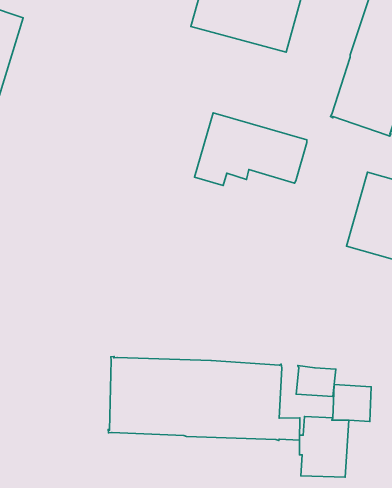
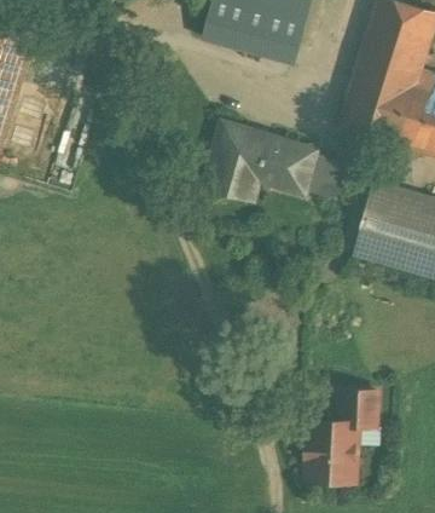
building: none -> [303,152,349,201]
building: [108,356,300,441] -> none
building: [296,366,336,397] -> none

